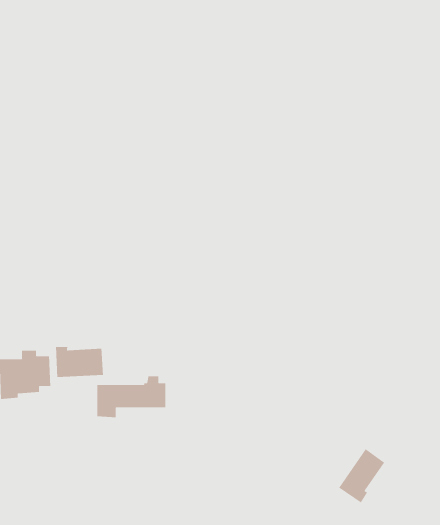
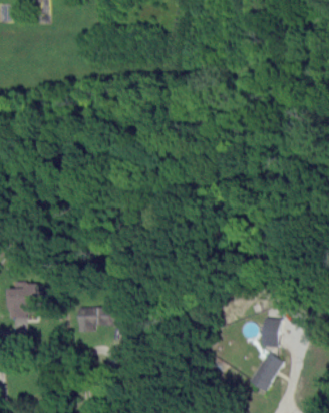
building: [55,346,104,378] -> none
building: none -> [262,318,281,347]

